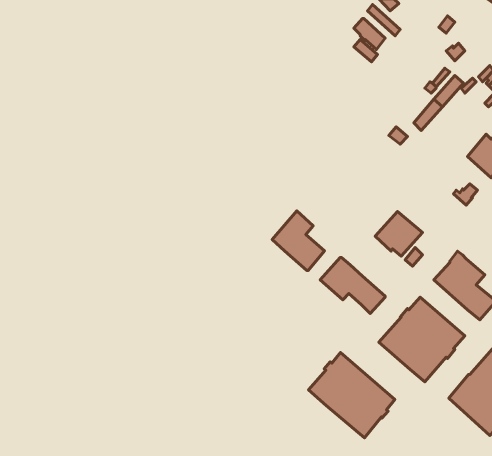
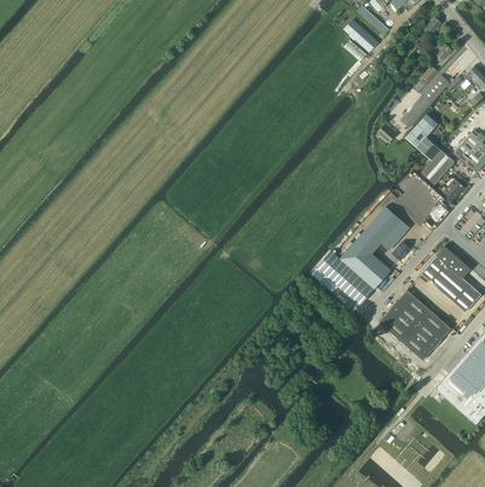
building: none -> [406,112,456,184]
building: [272,211,324,271] -> [341,230,392,288]
building: [308,353,395,438] -> none

